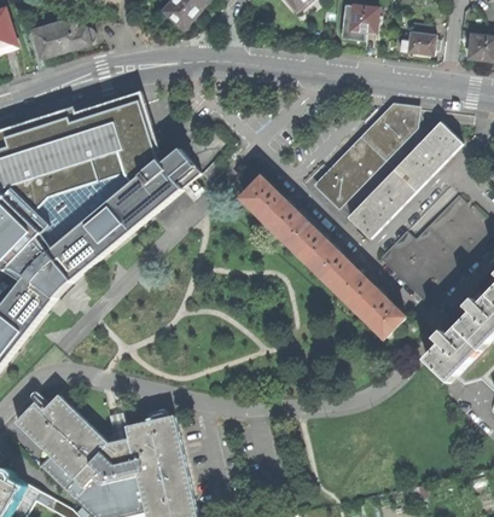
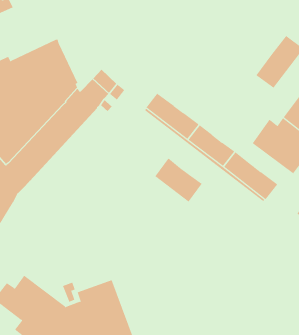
building: [315,105,413,205] -> none
building: [347,170,414,238] -> none
building: none -> [155,158,203,202]

